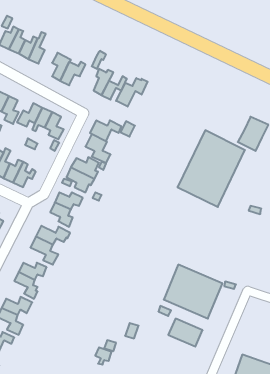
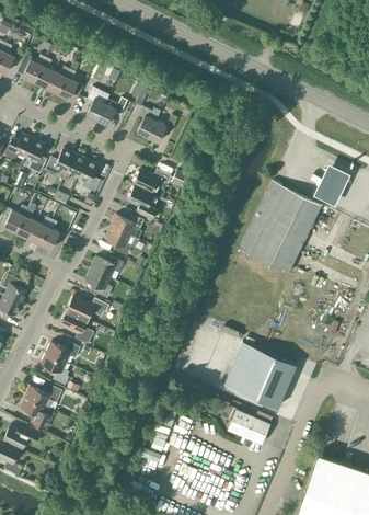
building: [116,78,148,107] -> none

